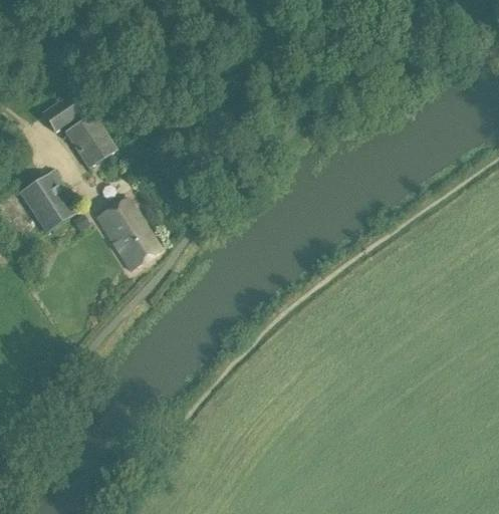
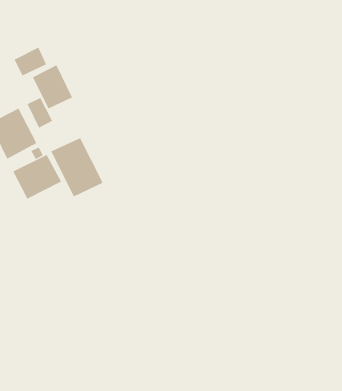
building: none -> [27,97,53,129]
building: none -> [12,154,62,200]

